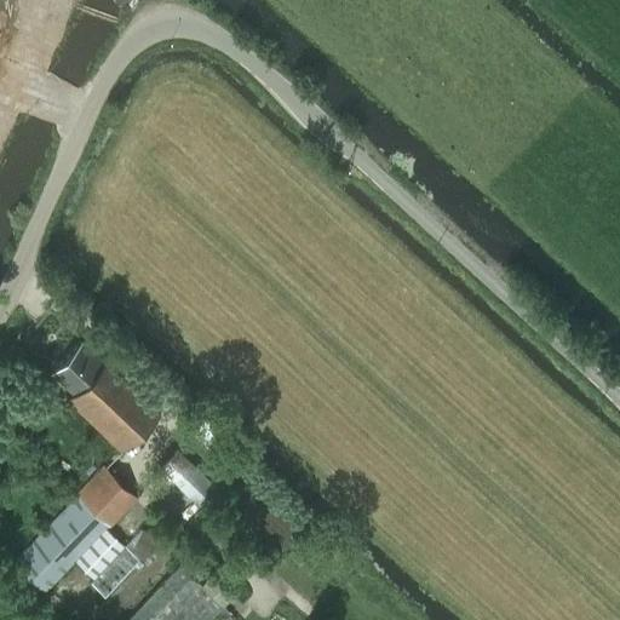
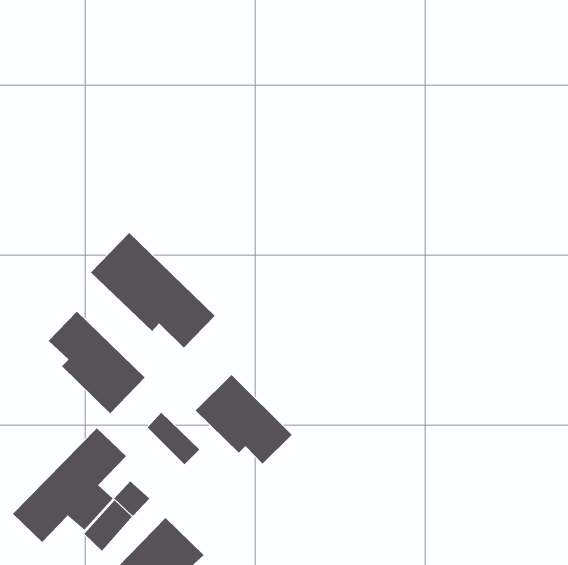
building: none -> [90,232,216,348]
building: none -> [195,374,292,465]

